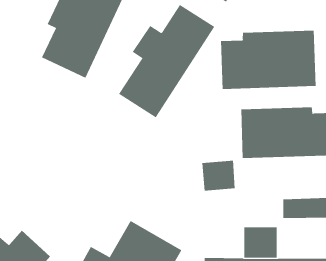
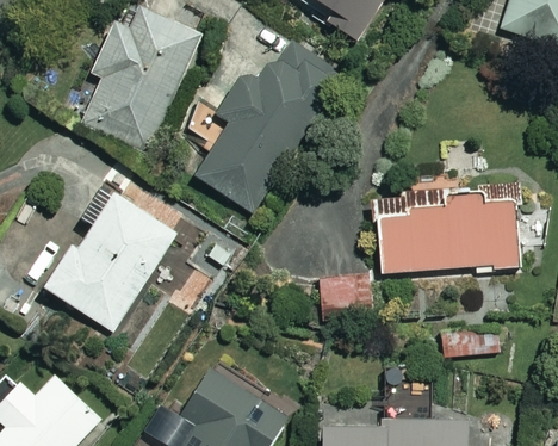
building: [220,30,316,90] -> none
building: none -> [44,185,175,332]

